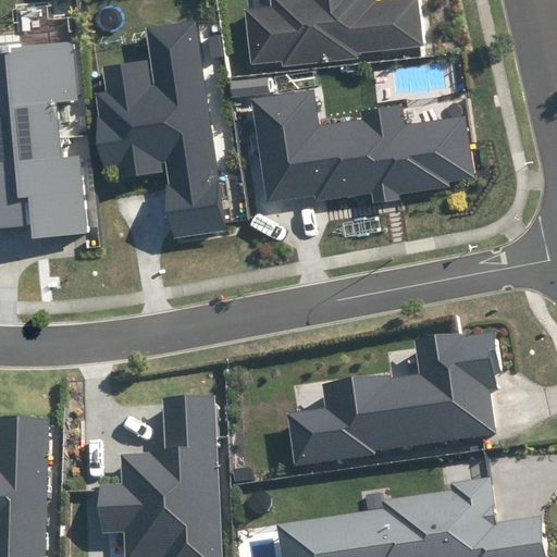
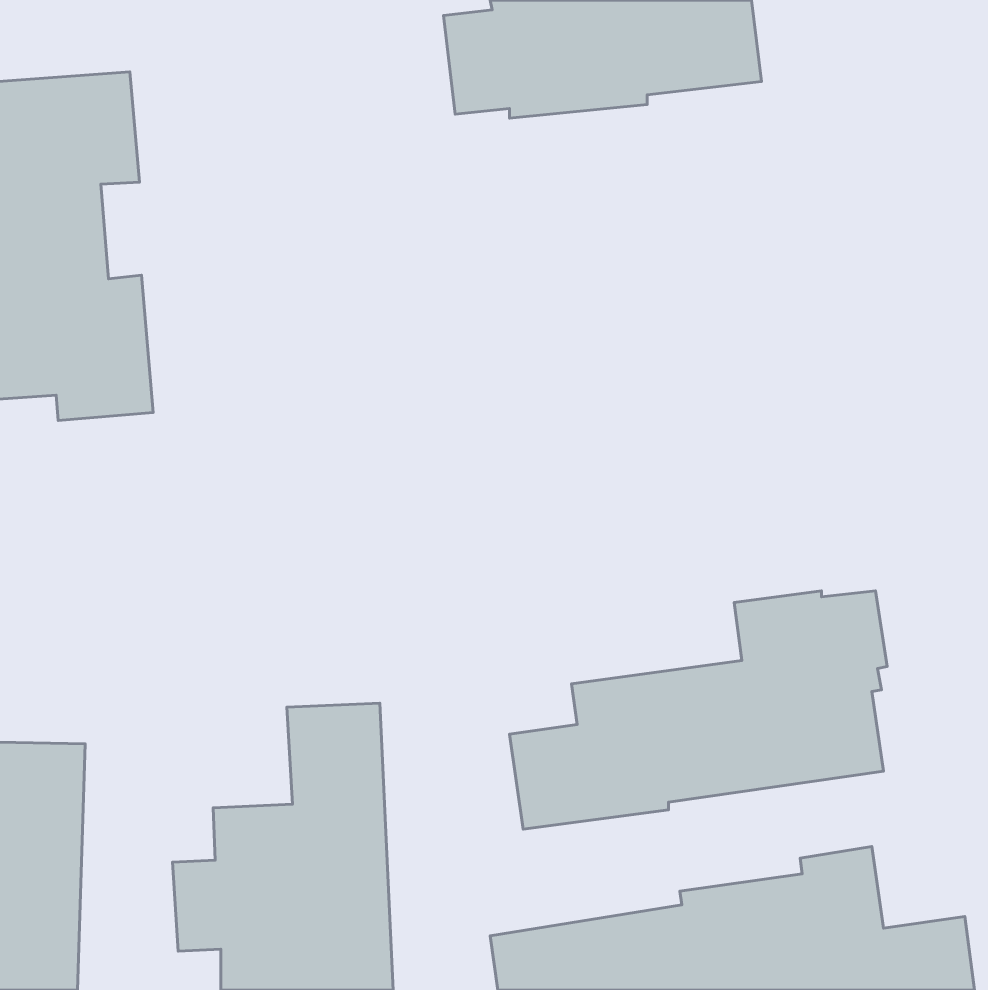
building: [94,18,224,237] -> none
building: [248,87,473,203] -> none

